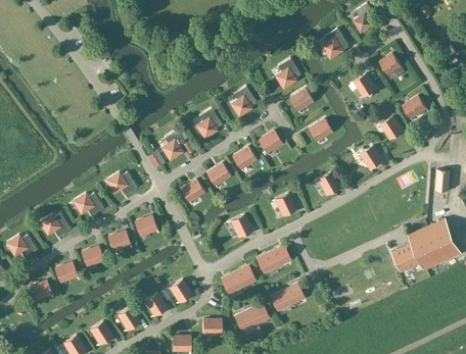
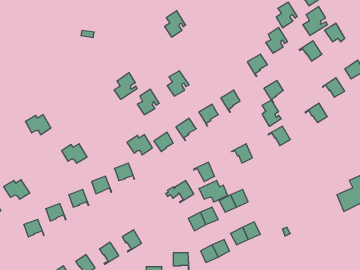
building: none -> [303,6,327,36]
building: [275,58,300,88] -> [266,28,288,53]
building: [231,86,255,116] -> [165,11,186,37]
building: none -> [114,73,137,99]
building: none -> [262,100,281,126]
building: [106,171,136,195] -> [127,135,152,155]
building: [40,213,69,237] -> [25,115,51,135]
building: none -> [199,180,228,202]
building: [158,280,191,305] -> [166,181,194,203]

